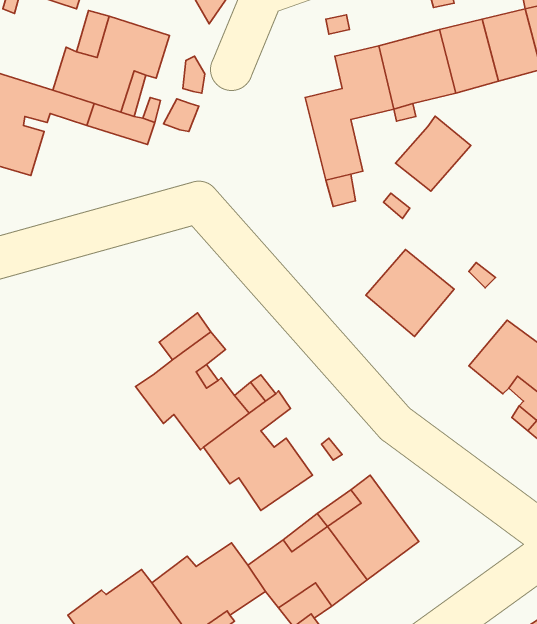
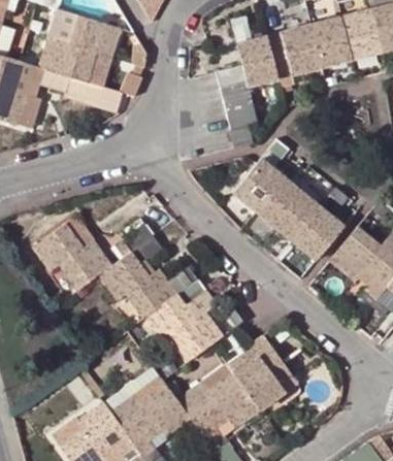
building: [395,116,471,191] -> [234,158,287,210]
building: none -> [293,206,343,258]
building: none -> [33,224,110,290]

